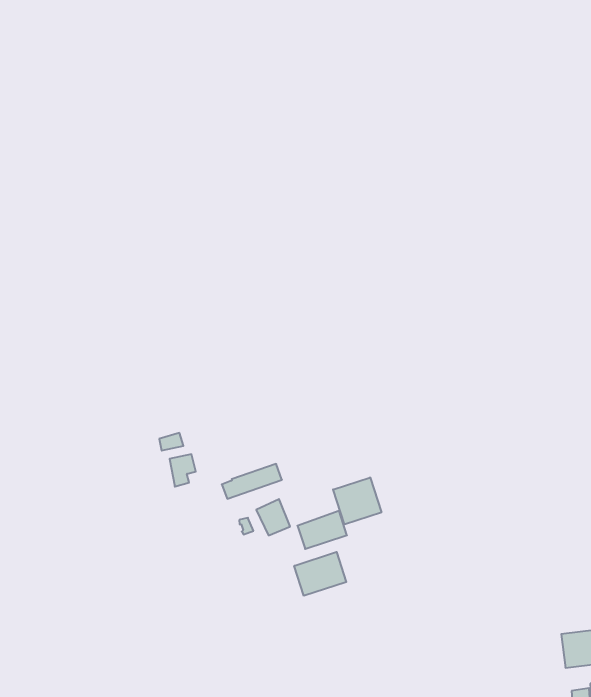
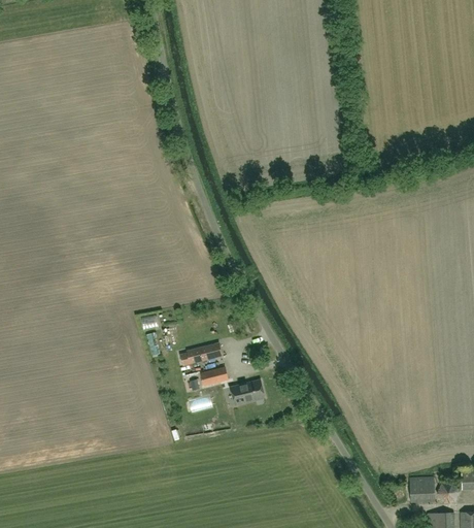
building: [333,477,381,524] -> none
building: [294,552,346,596] -> none

